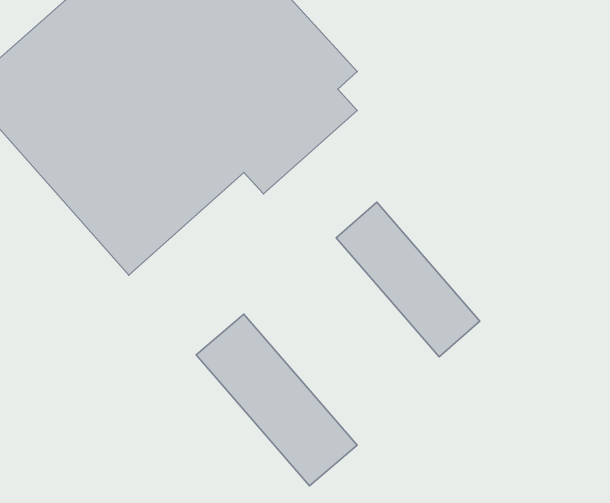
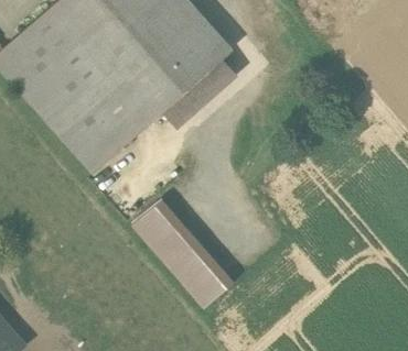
building: [336,202,480,357] -> none

